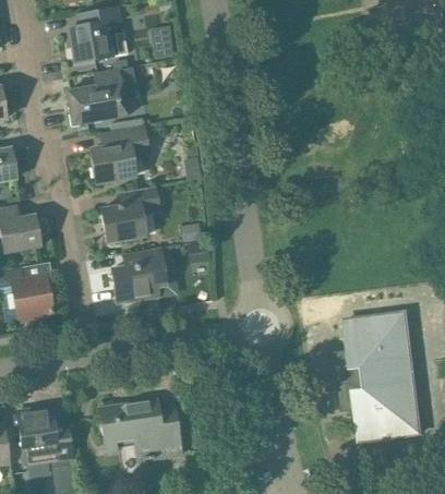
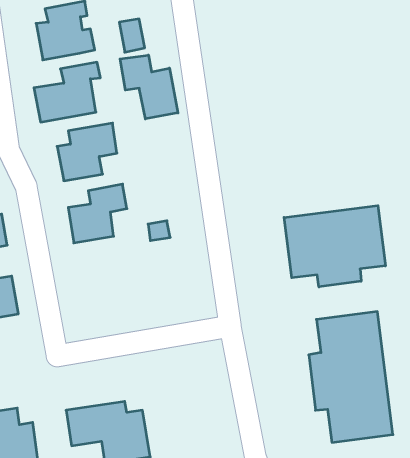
building: none -> [120,55,178,119]
building: none -> [284,206,385,287]
building: [111,246,165,302] -> none

